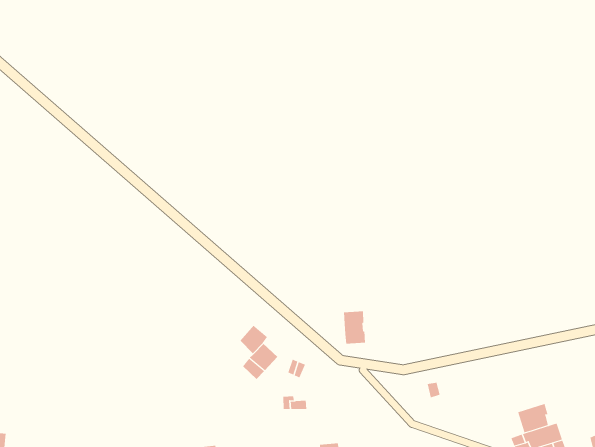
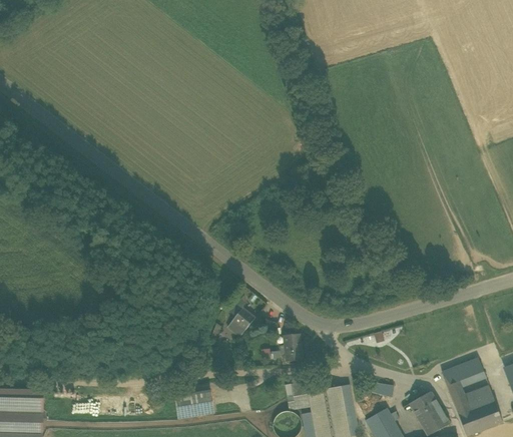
building: [343,311,366,344] -> [283,334,302,361]
building: [517,403,548,433] -> none

